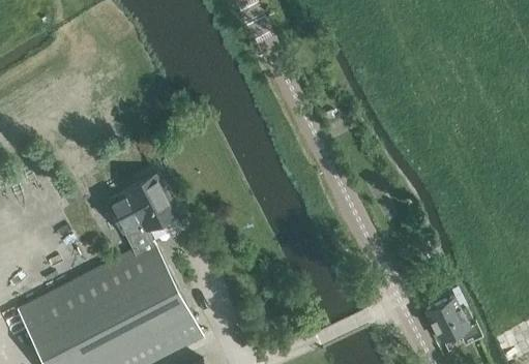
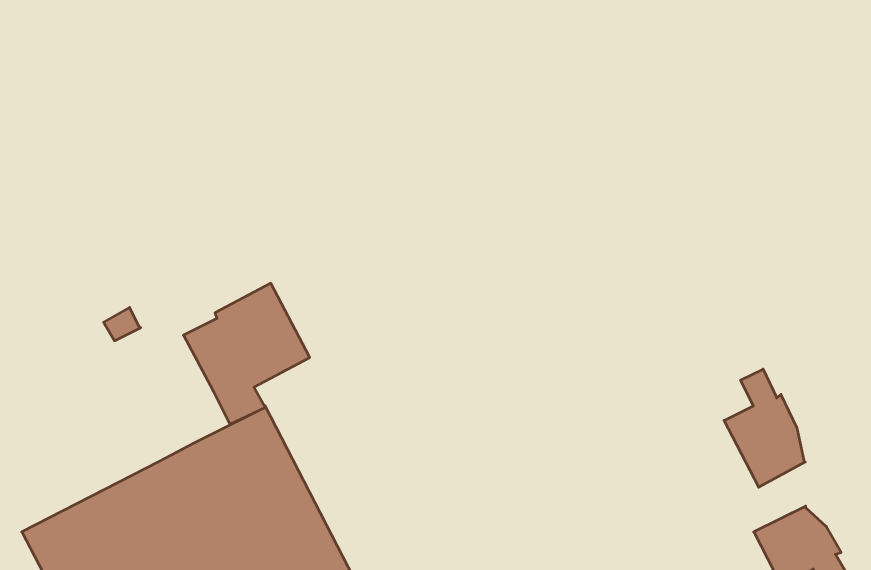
building: none -> [724,369,805,487]

